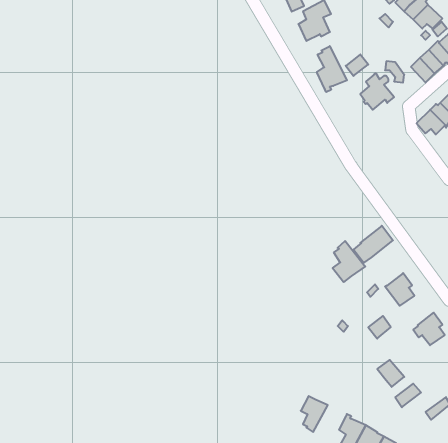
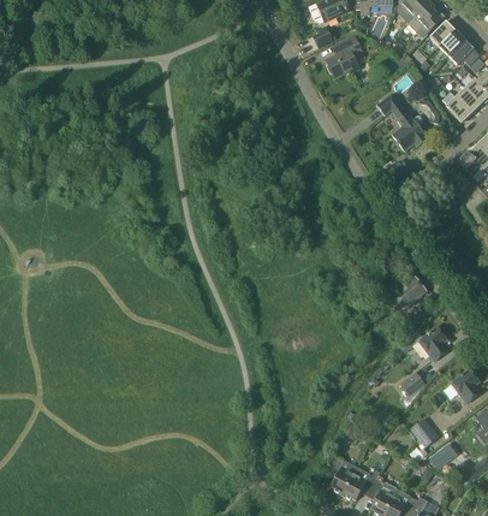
building: [317,46,347,92] -> none
building: [333,241,365,282] -> none
building: none -> [341,467,380,500]

